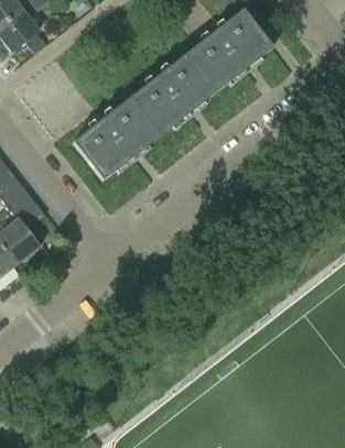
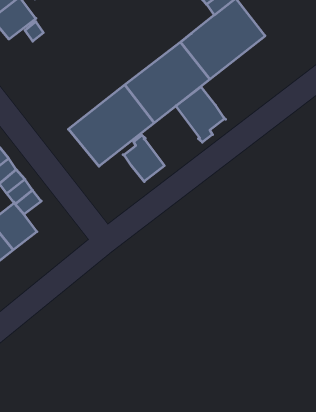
building: none -> [176,87,226,142]
building: none -> [123,135,164,182]

